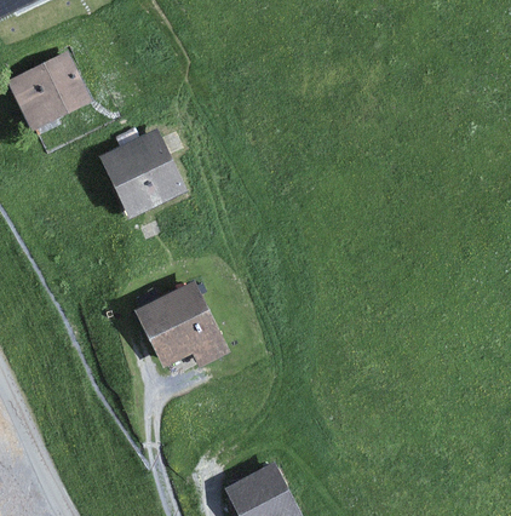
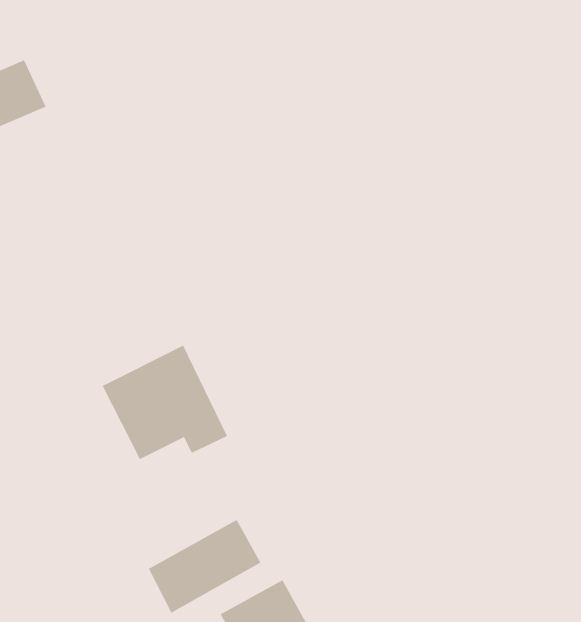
building: [102,131,189,214] -> none
building: none -> [148,519,261,613]

